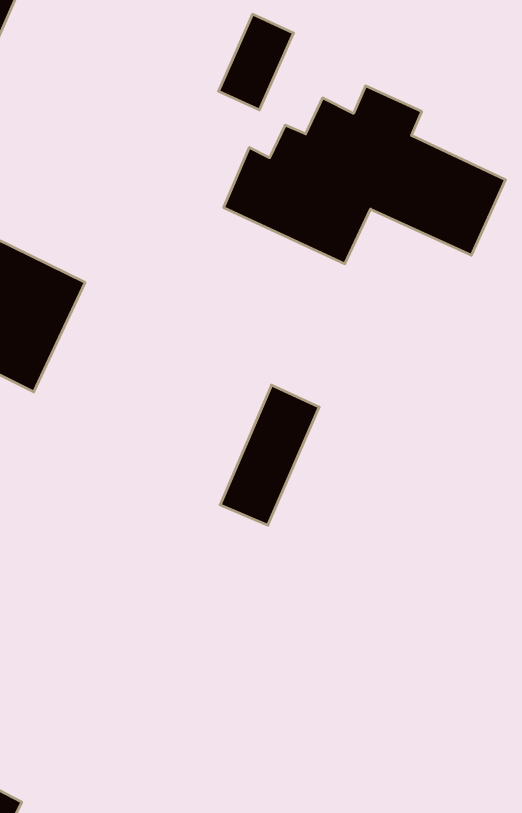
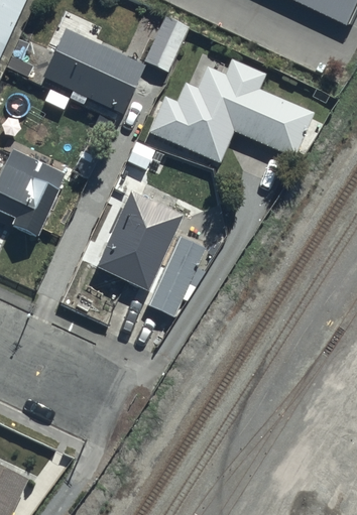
building: none -> [42,28,156,115]
building: none -> [95,190,181,291]

